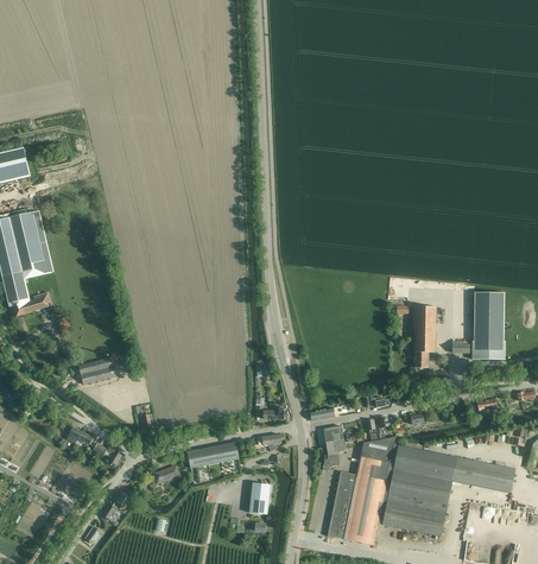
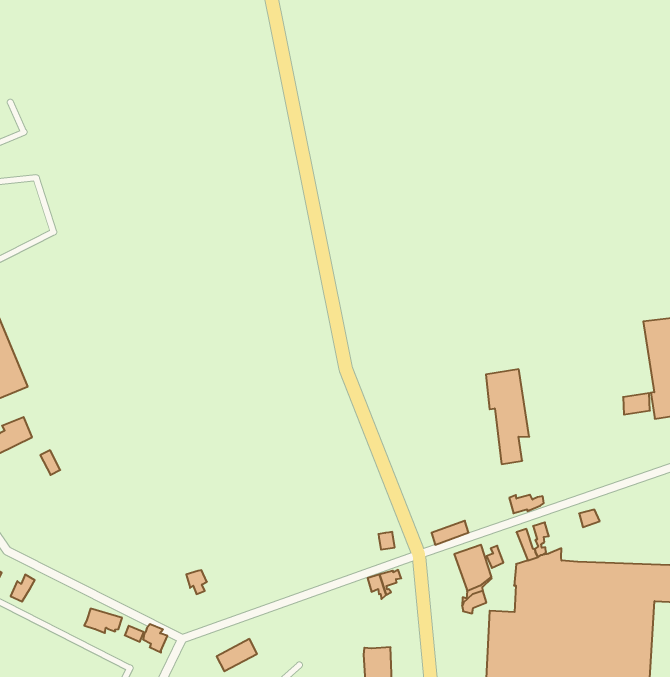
building: [411,306,435,368] -> [486,369,529,464]
building: [77,356,115,384] -> none
building: [186,442,238,468] -> none

